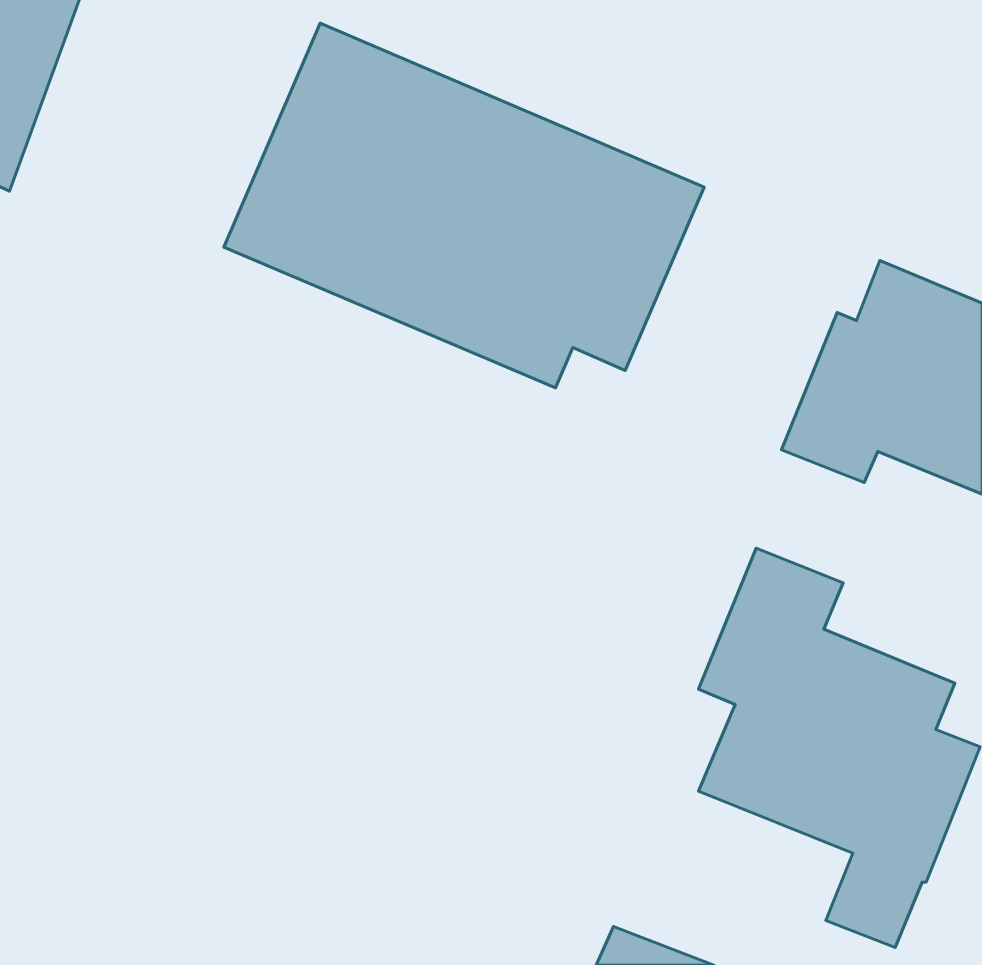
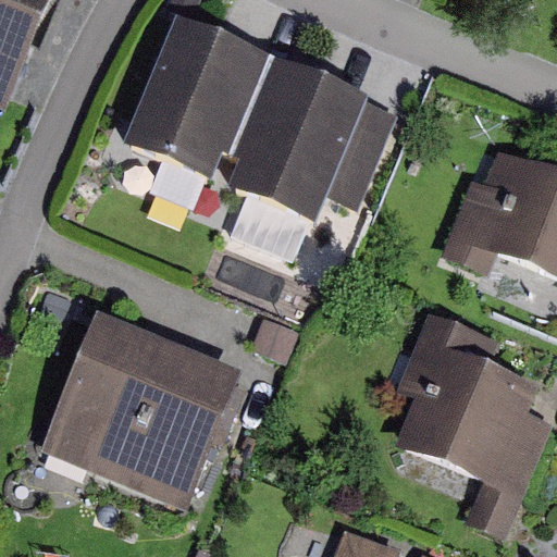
building: none -> [41,313,240,507]

